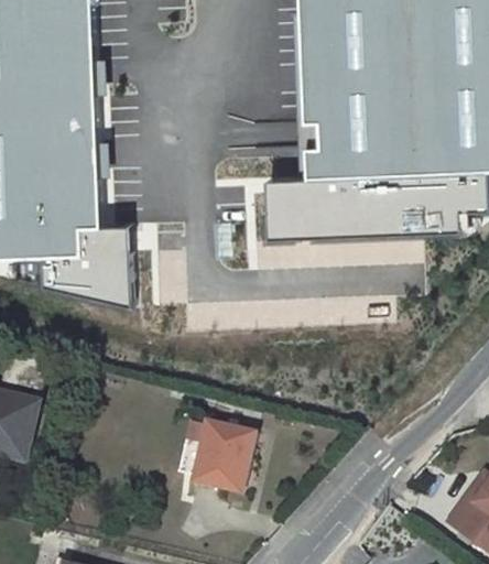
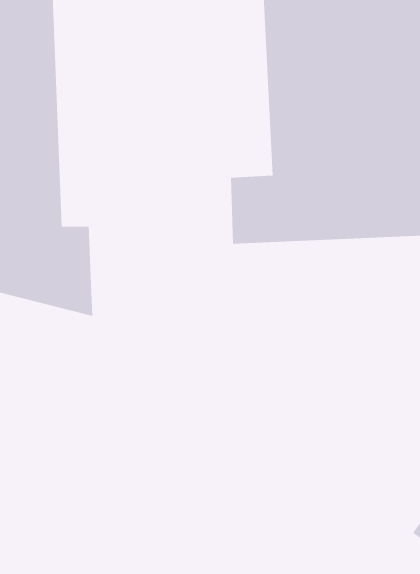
building: [189,419,251,490] -> none

